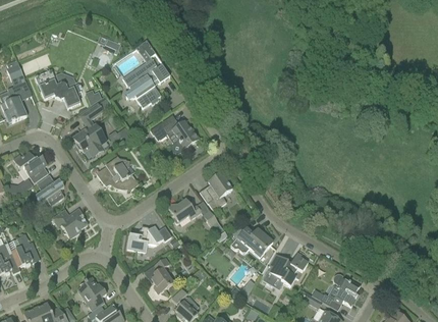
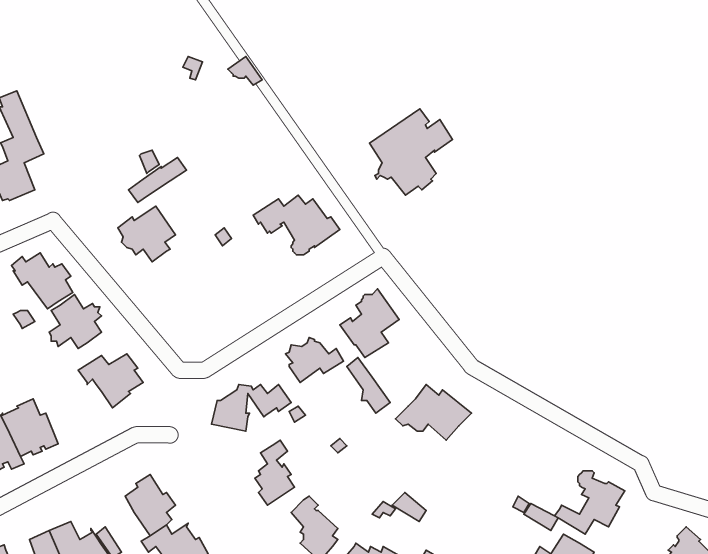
building: [122,58,169,107] -> [369,109,452,195]
building: [34,69,80,108] -> none
building: [96,156,139,191] -> none
building: [263,253,308,286] -> none

